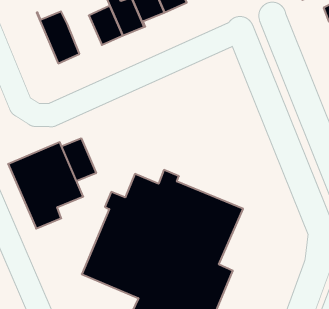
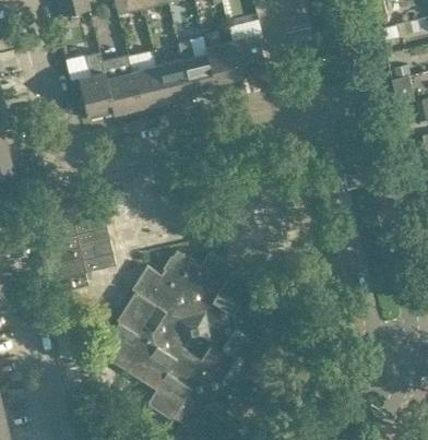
building: none -> [69,53,111,120]
building: none -> [129,67,163,107]
building: [62,138,96,181] -> none

